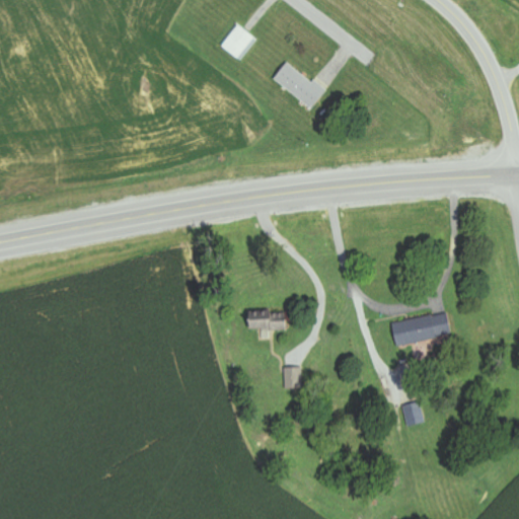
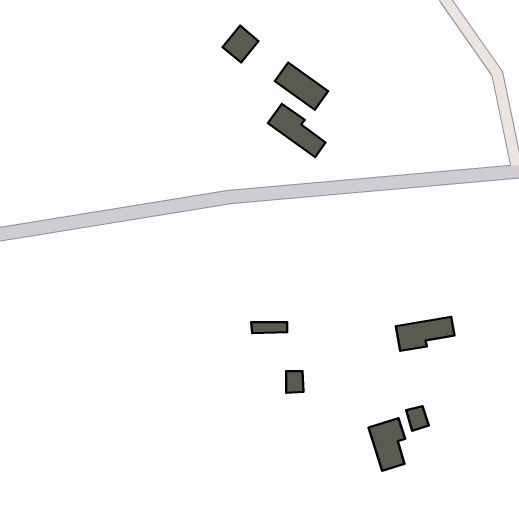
building: none -> [268,104,326,157]
building: none -> [368,418,405,471]

